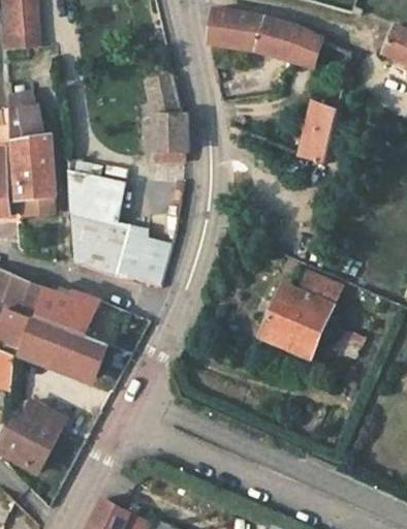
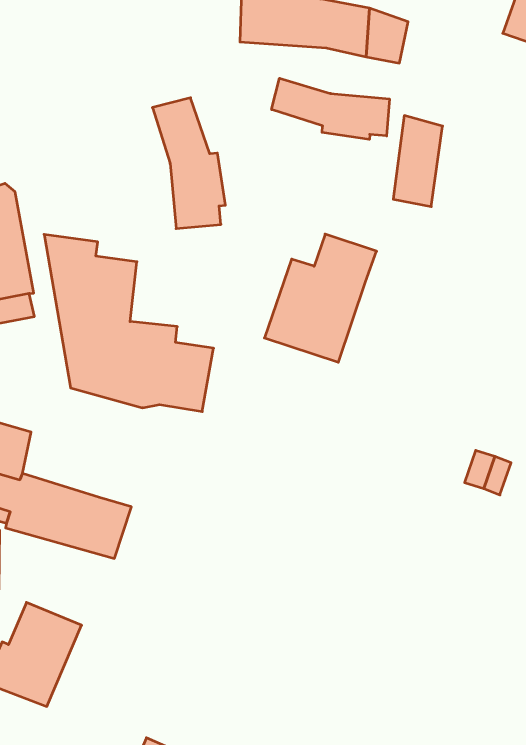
building: none -> [272,78,389,139]
building: [261,271,341,356] -> [264,234,377,362]
building: [37,288,102,336] -> none

